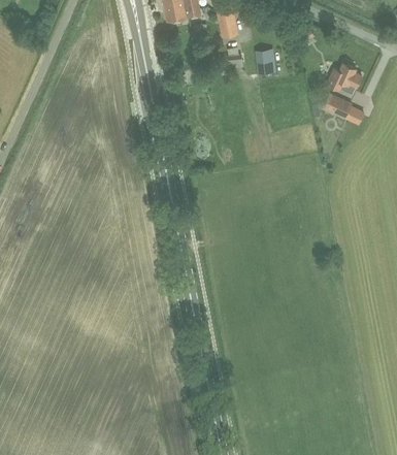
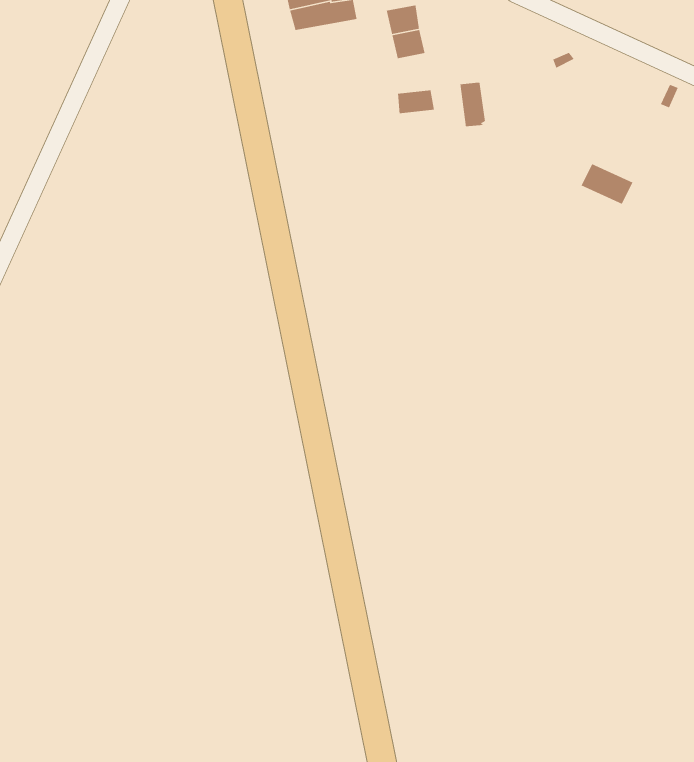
building: [328,63,362,90] -> none

